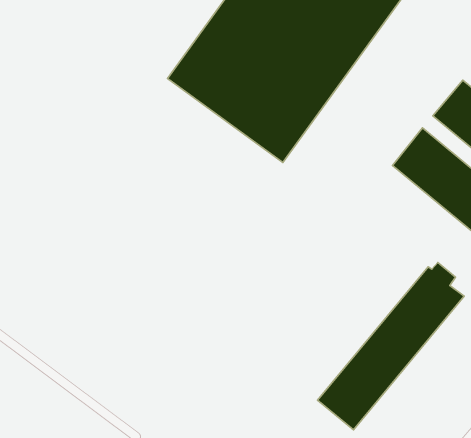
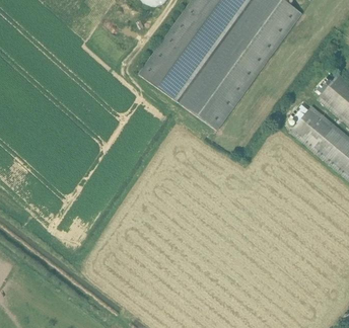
building: [318,263,464,430] -> none

